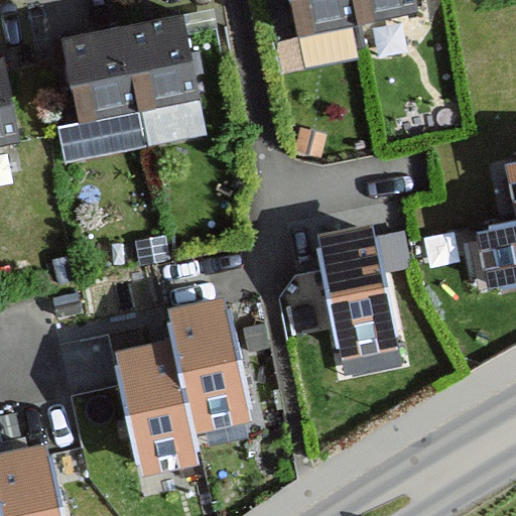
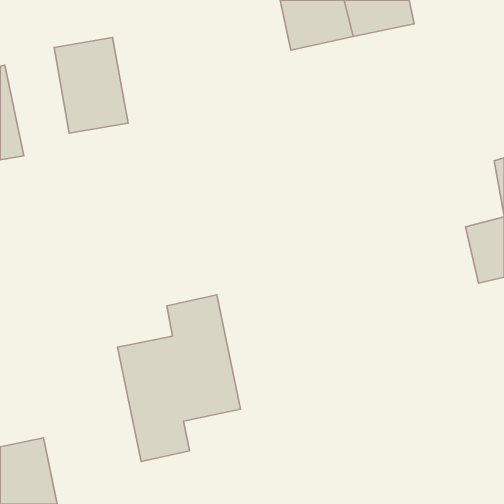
building: [115,27,190,126] -> none
building: [320,228,394,357] -> none

